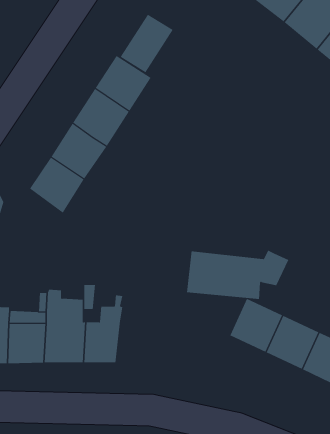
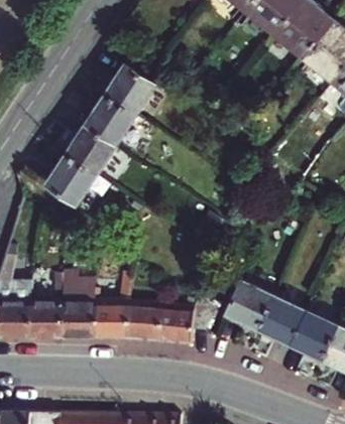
building: [120,14,174,73] -> none
building: [186,250,289,299] -> [124,299,216,343]

